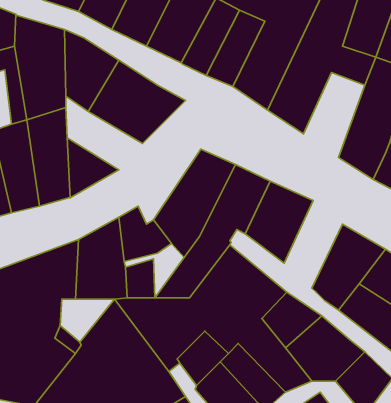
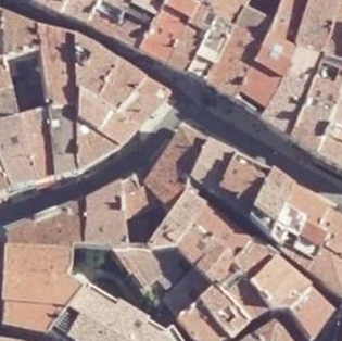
building: none -> [263,68,311,135]
building: none -> [77,87,137,144]
building: none -> [248,168,293,237]

